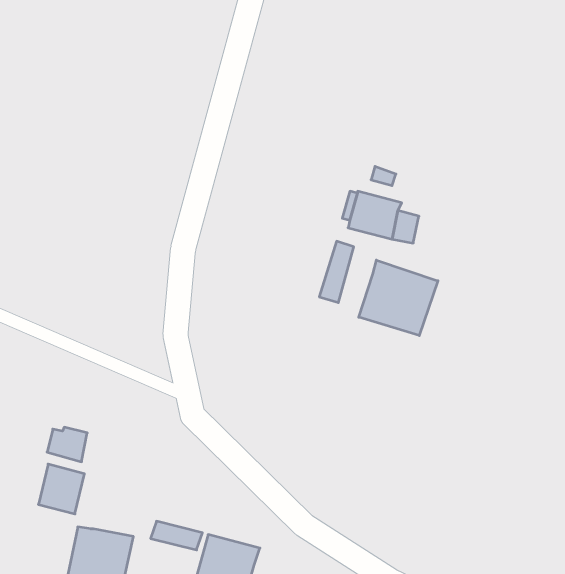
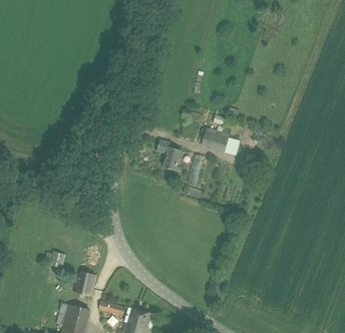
building: none -> [156,140,183,172]
building: [359,260,438,336] -> none
building: [38,464,84,514] -> [73,270,97,296]

